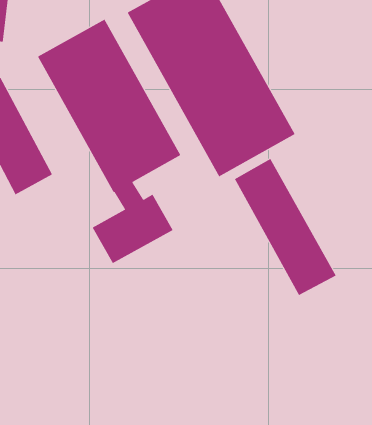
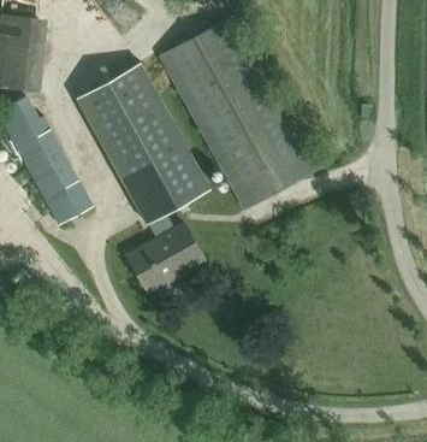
building: [234,158,336,296] -> none

